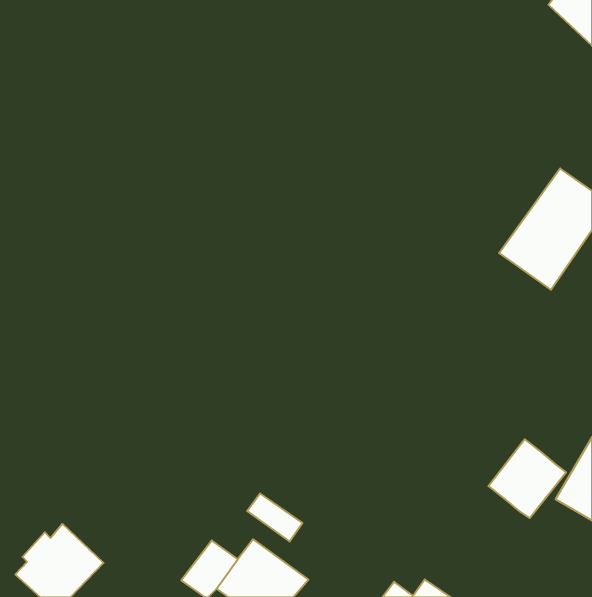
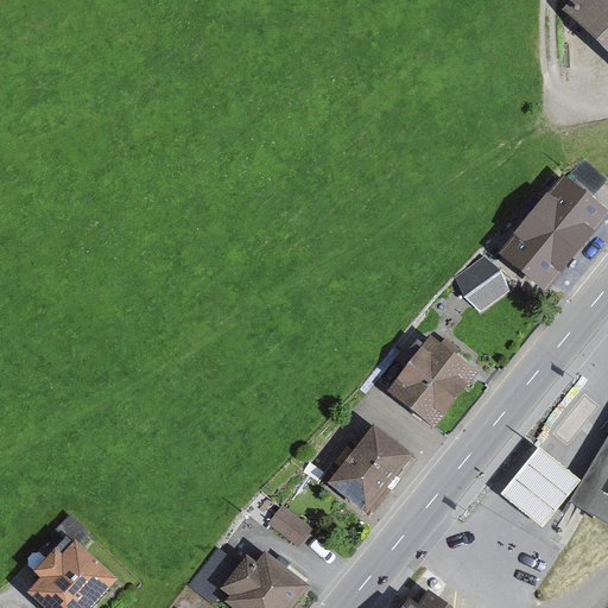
building: none -> [451,255,504,305]
building: none -> [394,334,486,428]
building: none -> [327,423,418,519]

